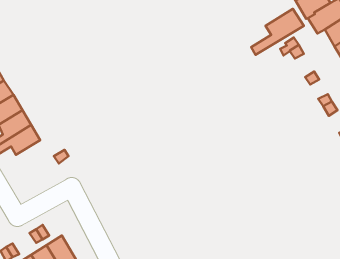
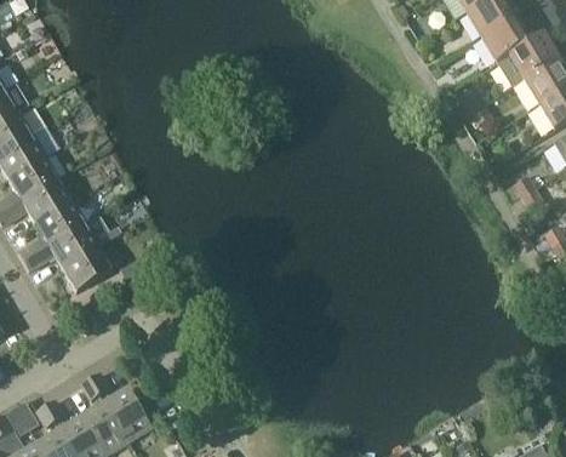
building: [251,9,304,55] -> none
building: none -> [61,245,112,291]

